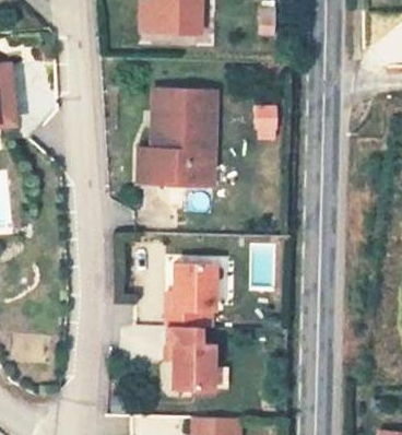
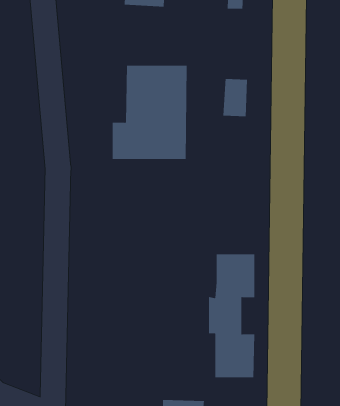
building: [166,267,213,390] -> [208,254,255,378]

